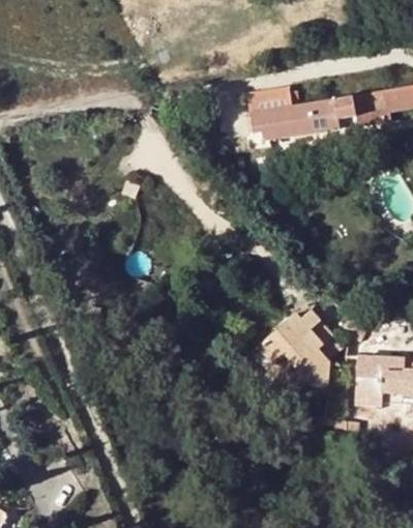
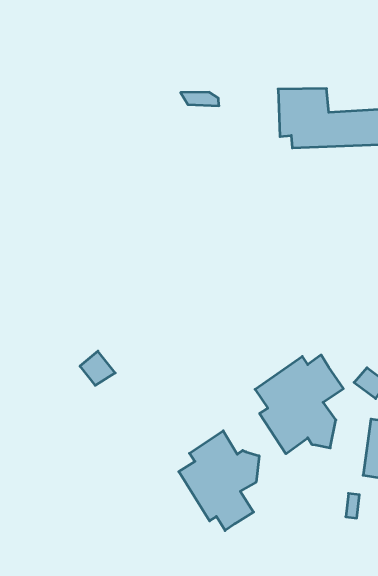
building: none -> [179,431,259,531]

